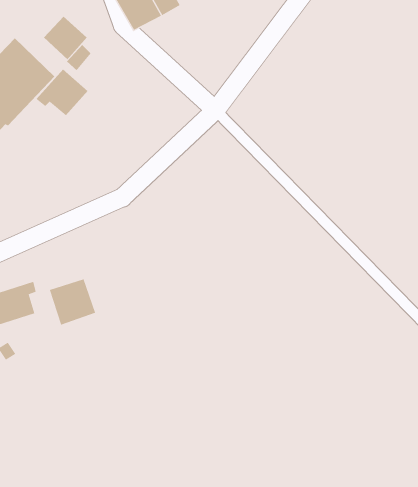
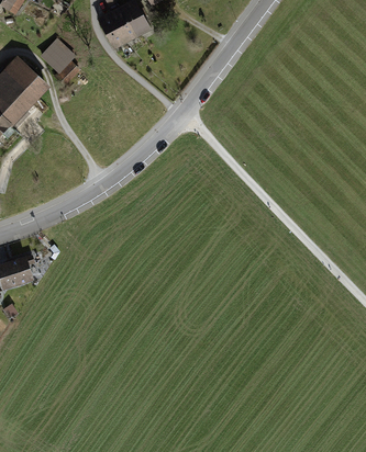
building: [36,68,88,116] -> none
building: [49,278,96,326] -> none

